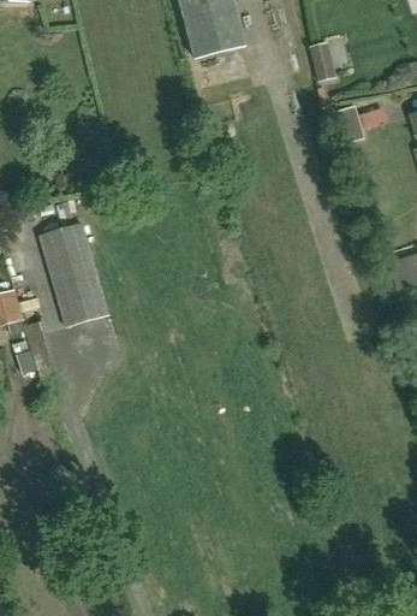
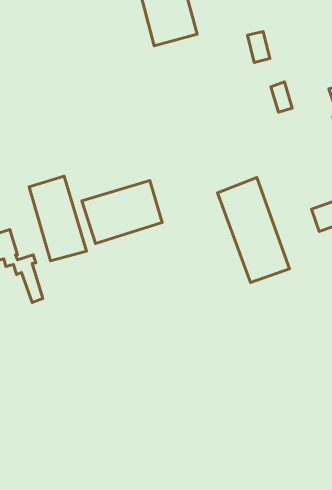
building: none -> [218,177,290,282]
building: none -> [82,181,162,243]

